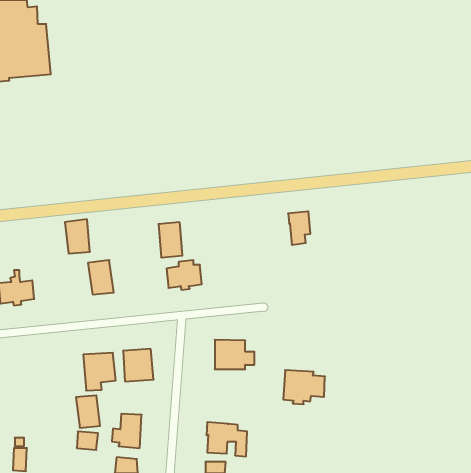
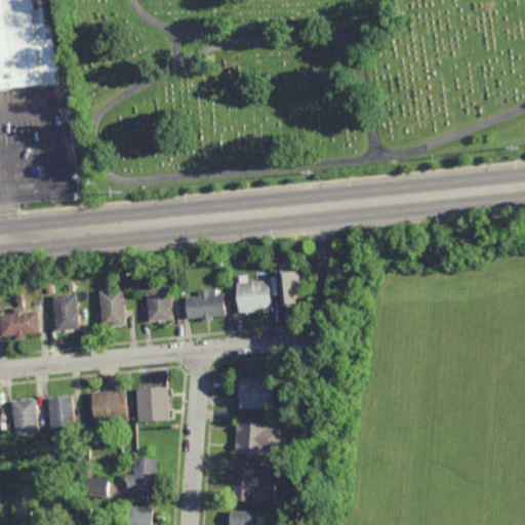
building: [288,211,310,245] -> [275,271,299,308]
building: [65,219,90,254] -> [50,292,78,330]
building: [158,222,182,257] -> [145,283,171,322]
building: none -> [235,279,271,313]
building: none -> [11,399,38,438]
building: [283,370,325,404] -> [233,421,279,459]
building: [76,395,100,428] -> [48,397,75,433]

